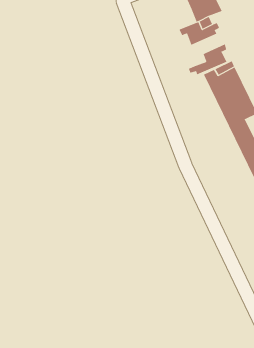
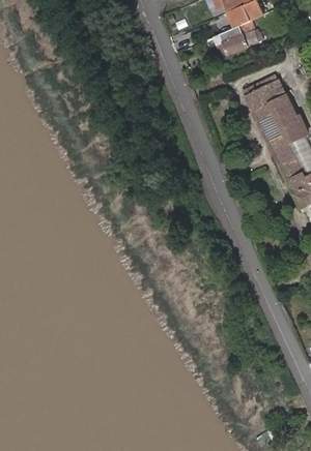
building: [188,43,227,75] -> none

